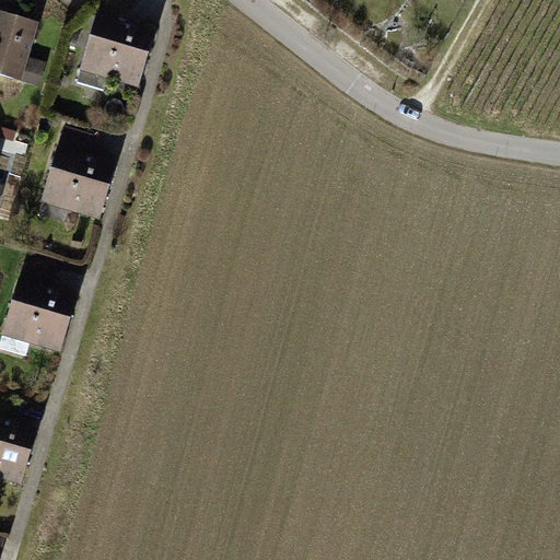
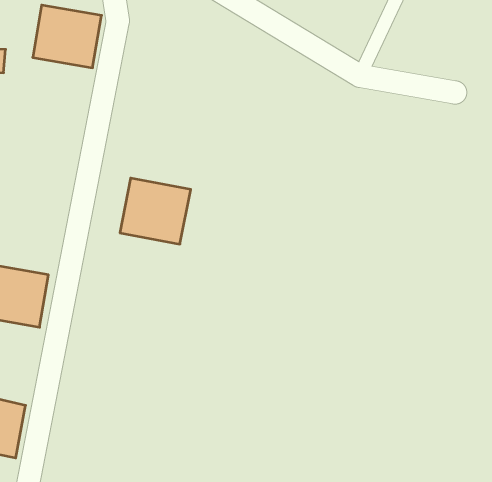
building: [37,149,115,222] -> [120,178,191,244]

